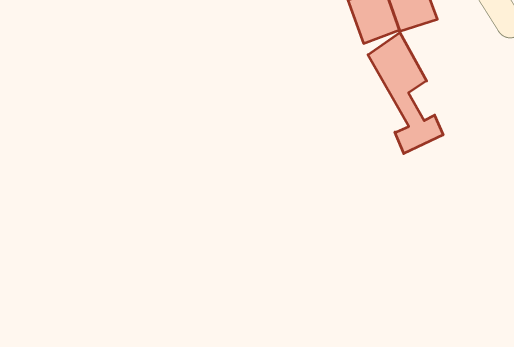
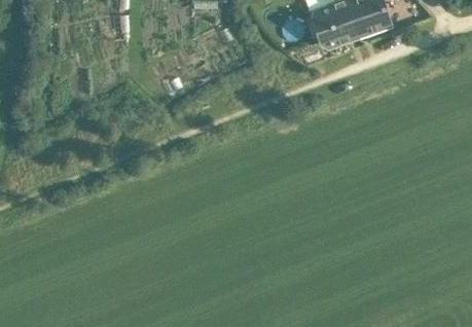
building: [368,33,443,154] -> none

